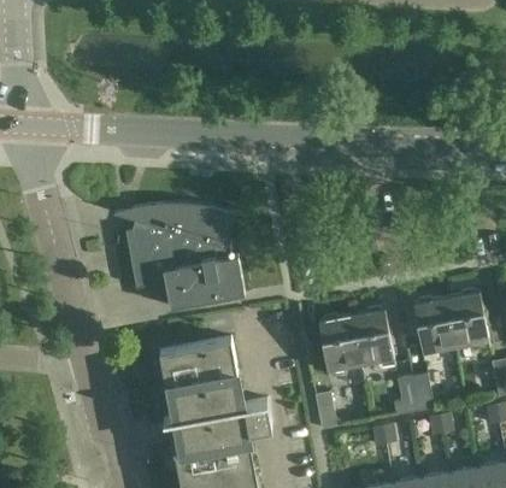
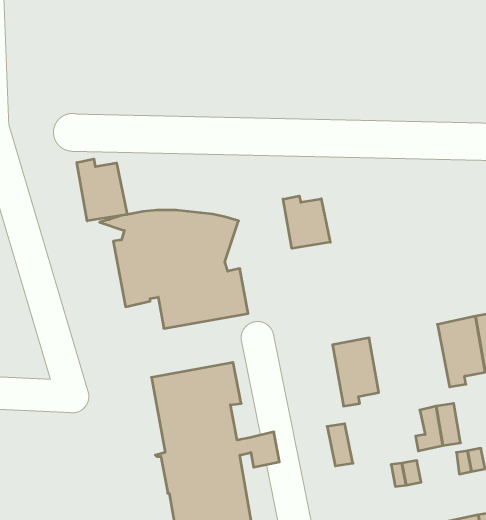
building: none -> [77,159,127,221]
building: none -> [283,196,330,248]
building: [352,307,394,366] -> none

